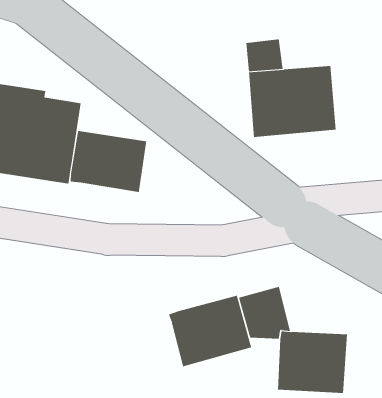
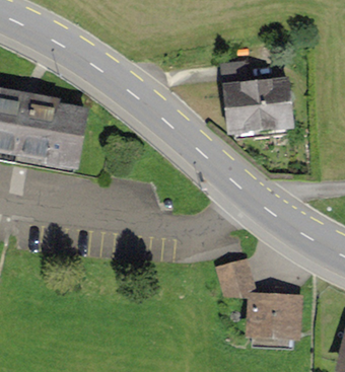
building: [70,130,147,193] -> none
building: [168,295,252,367] -> none

